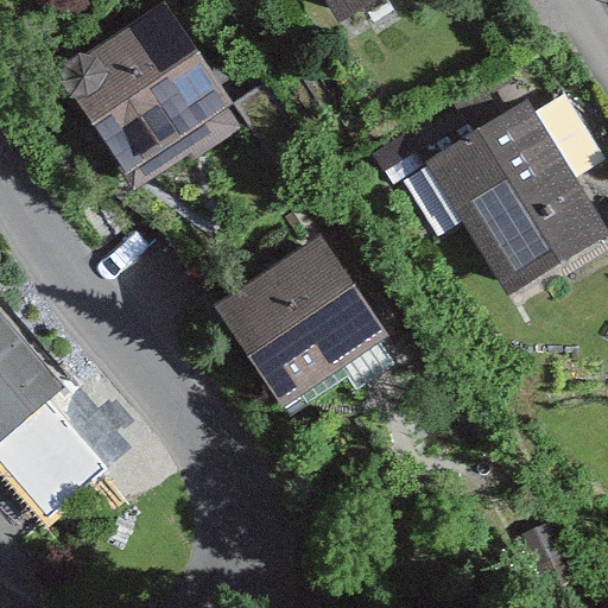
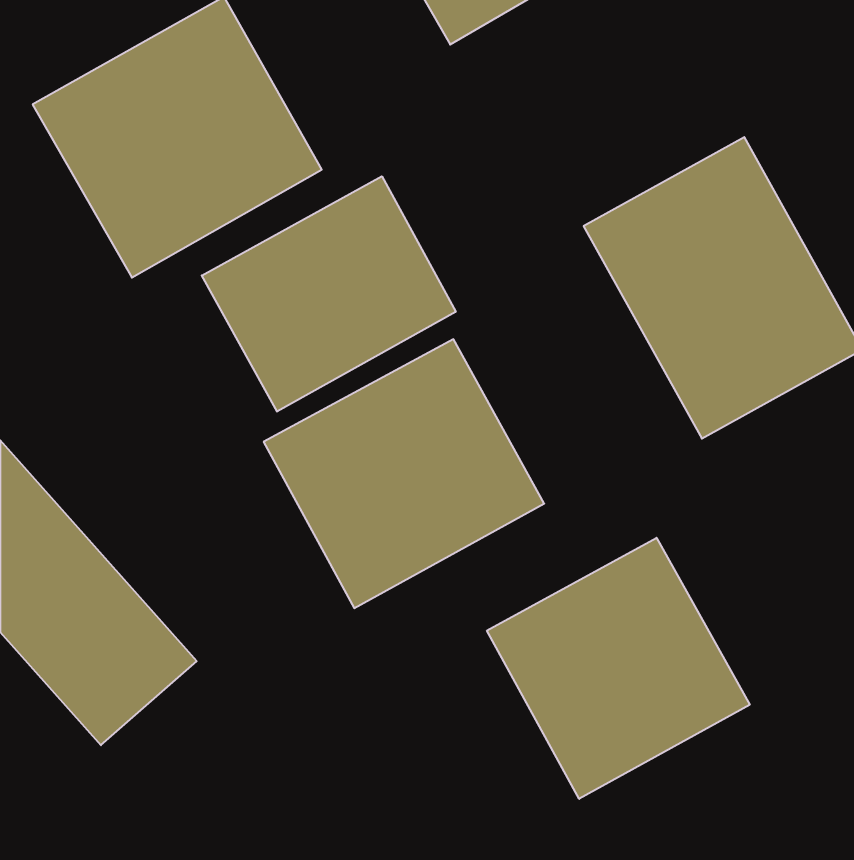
building: none -> [202,176,456,412]
building: none -> [487,538,750,799]

